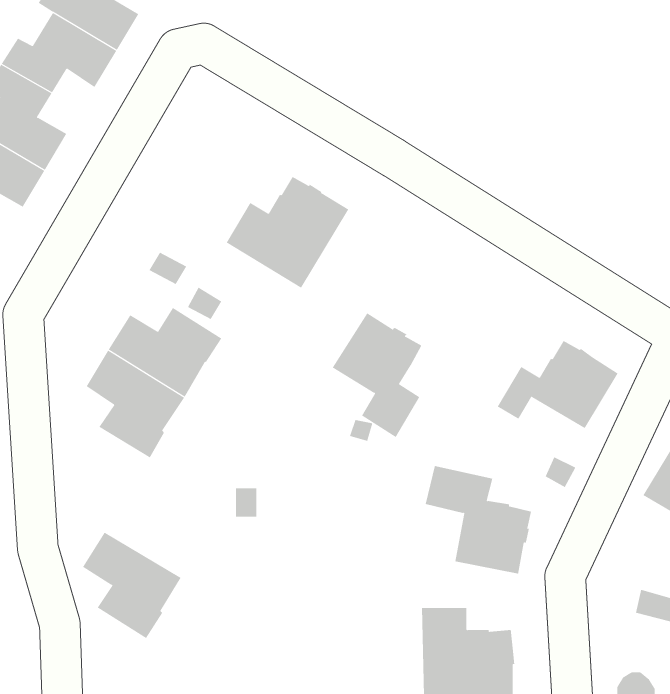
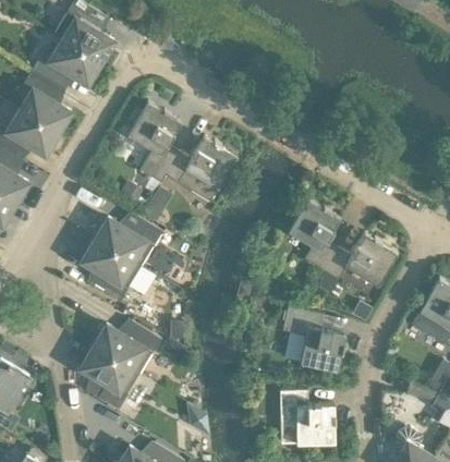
building: none -> [127,102,180,184]
building: [332,312,422,438] -> [287,199,340,273]
building: none -> [93,321,161,375]

